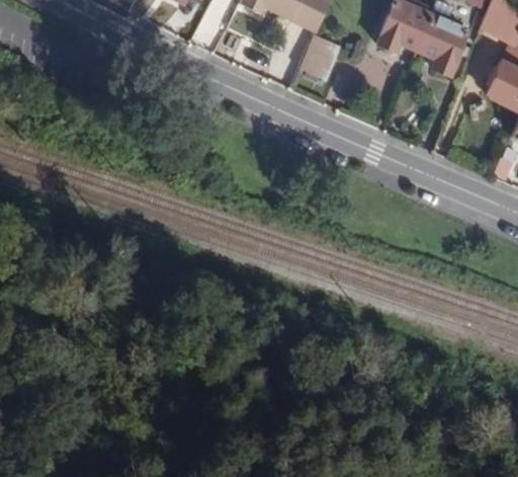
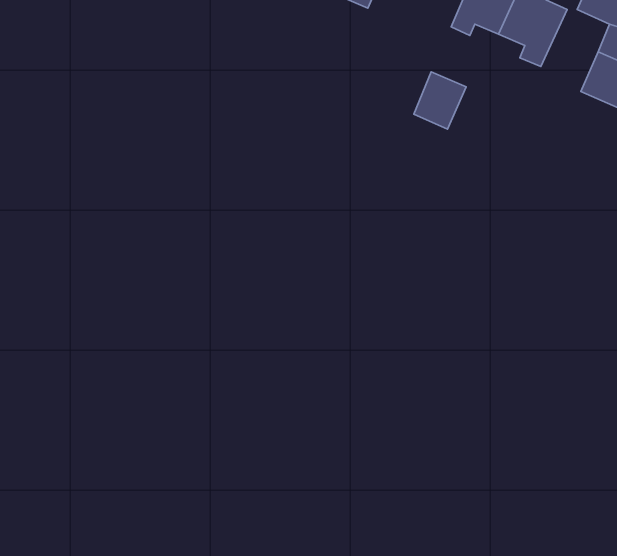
building: [298,35,341,82] -> [414,72,466,129]

